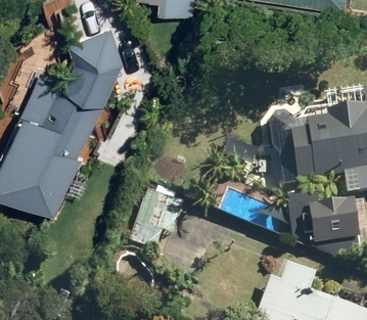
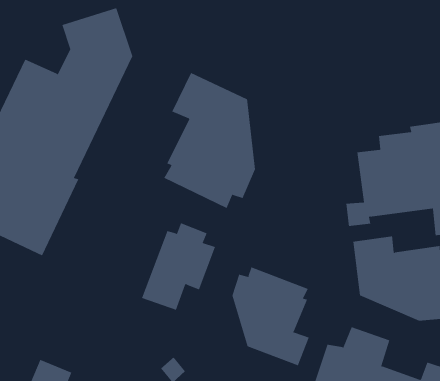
building: none -> [163,72,256,209]
building: none -> [232,266,310,366]

